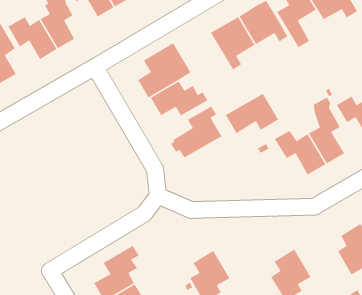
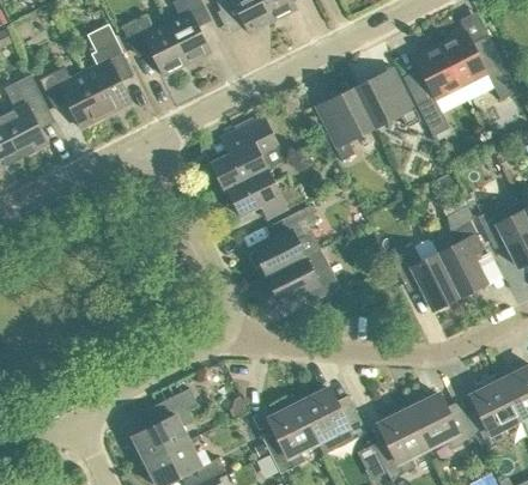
building: [225,93,279,134] -> [267,249,340,303]
building: none -> [408,394,475,449]
building: none -> [298,388,366,443]

